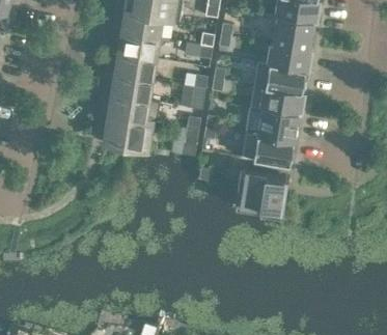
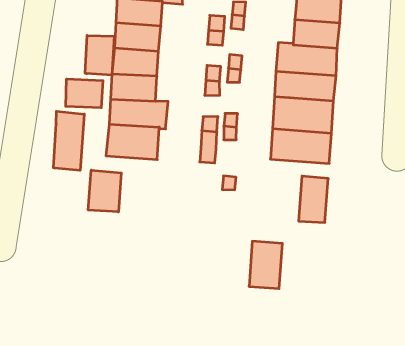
building: none -> [85,35,114,75]
building: none -> [66,79,103,108]
building: none -> [53,111,84,170]
building: none -> [88,170,121,212]
building: [234,171,266,213] -> [249,241,282,289]

